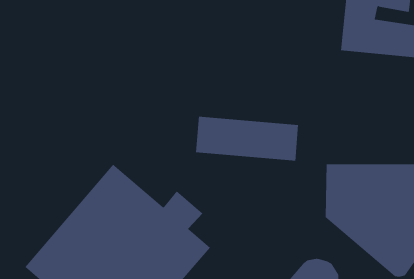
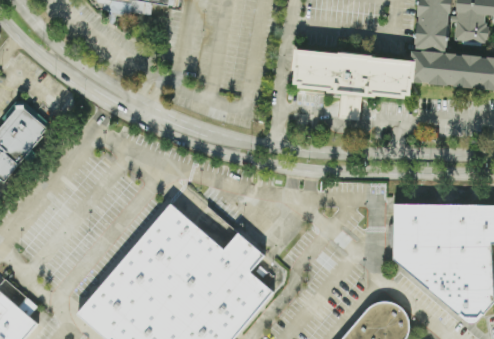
building: [195,116,299,161] -> [299,49,408,96]

